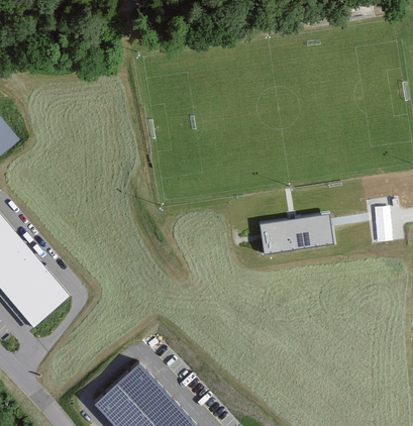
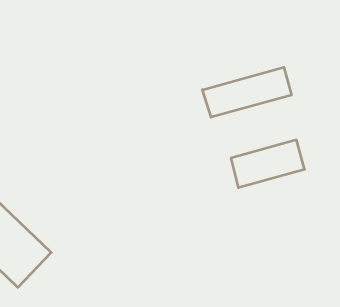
building: none -> [202,67,291,117]

